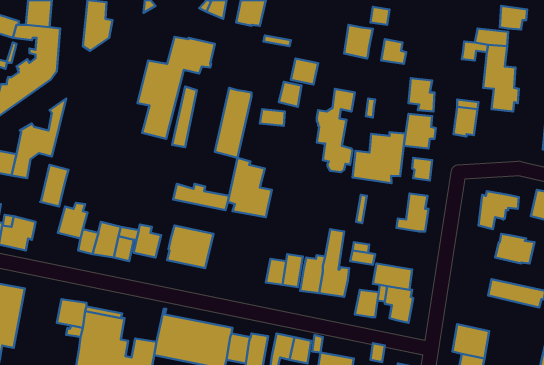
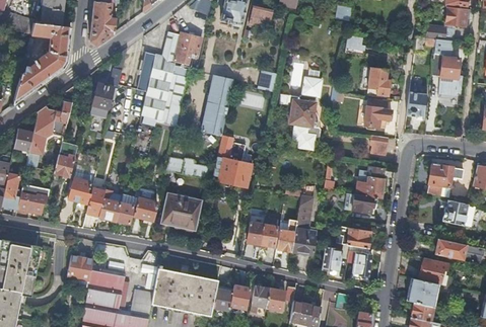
building: [344,25,373,58] -> none
building: none -> [91,48,127,109]
building: [291,58,318,85] -> [249,6,272,28]
building: [352,132,405,183] -> none
building: none -> [348,194,376,214]
building: none -> [418,257,452,287]

